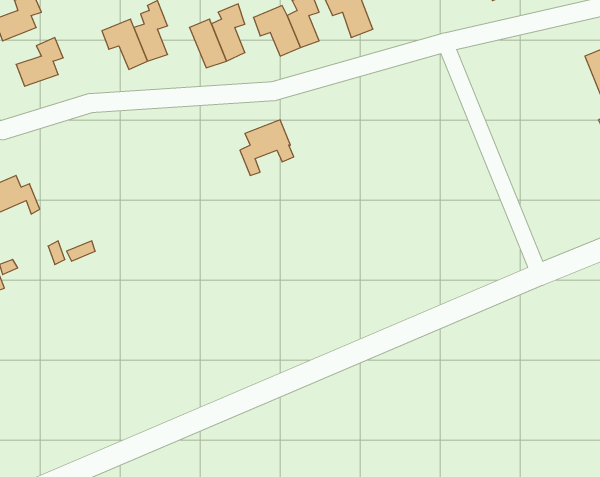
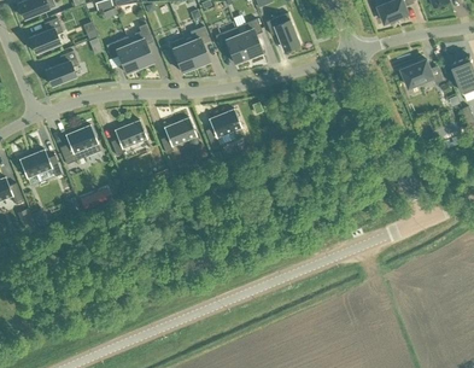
building: none -> [402,60,443,88]
building: none -> [160,117,197,153]
building: none -> [111,121,147,156]
building: none -> [59,125,100,165]

